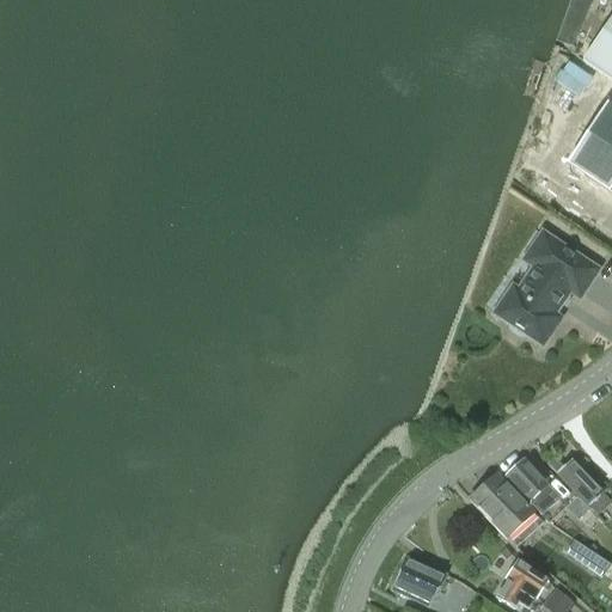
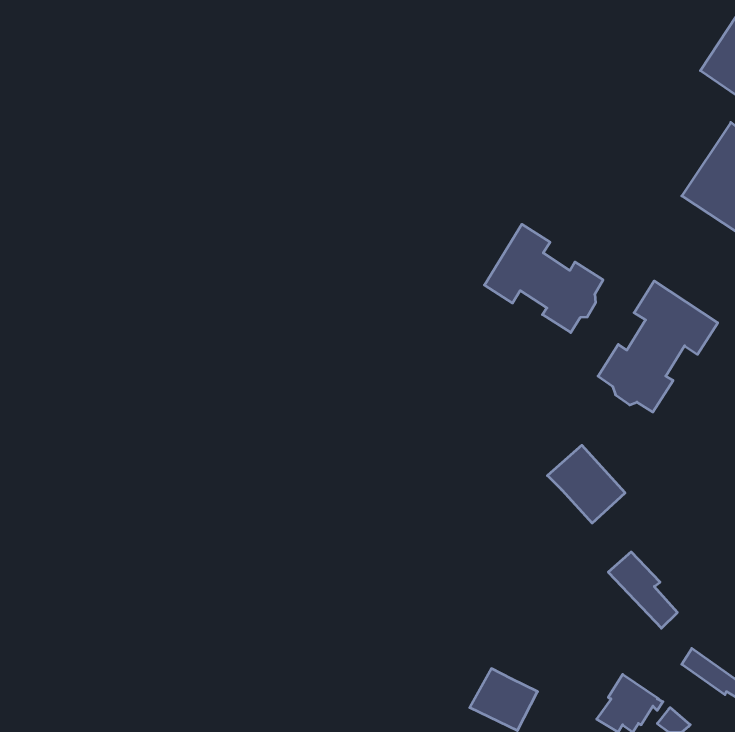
building: none -> [484,224,603,333]
building: [551,457,602,503] -> none
building: [470,472,534,537] -> [547,445,625,523]

